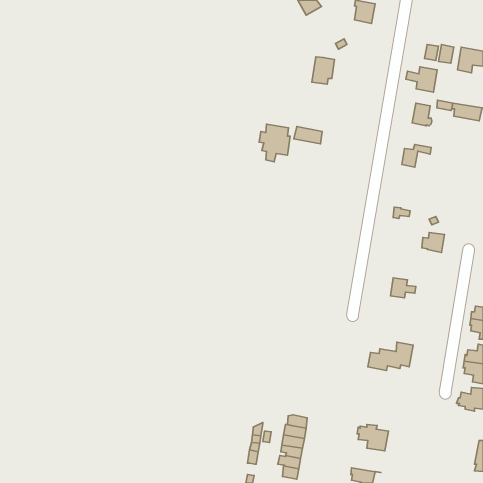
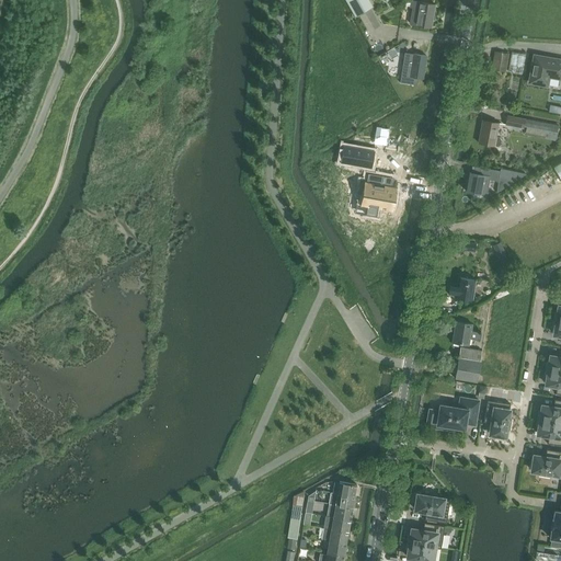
building: [312,57,335,84] -> [400,53,426,84]
building: [406,67,437,92] -> none
building: [259,124,290,162] -> [359,170,396,214]
building: [422,233,444,252] -> [449,277,476,300]
building: none -> [455,346,482,382]
building: none -> [484,400,512,438]
building: none -> [408,523,445,548]

